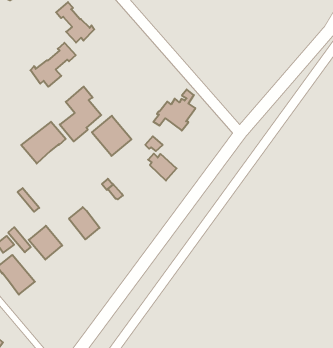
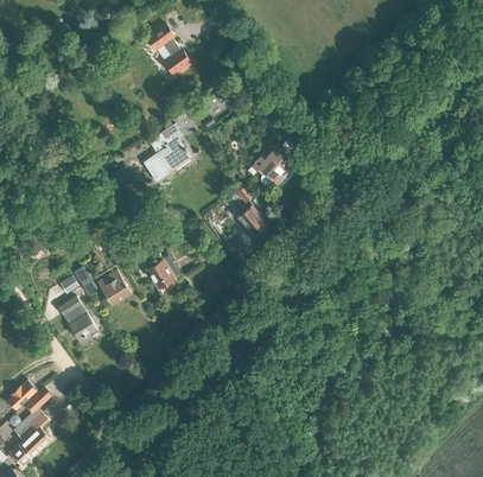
building: [30,43,76,87] -> none
building: [92,116,131,156] -> none
building: [21,122,66,164] -> none

